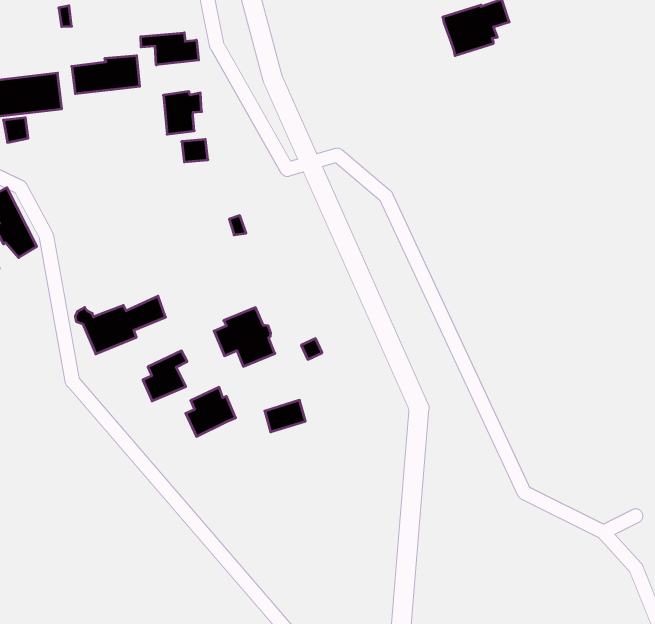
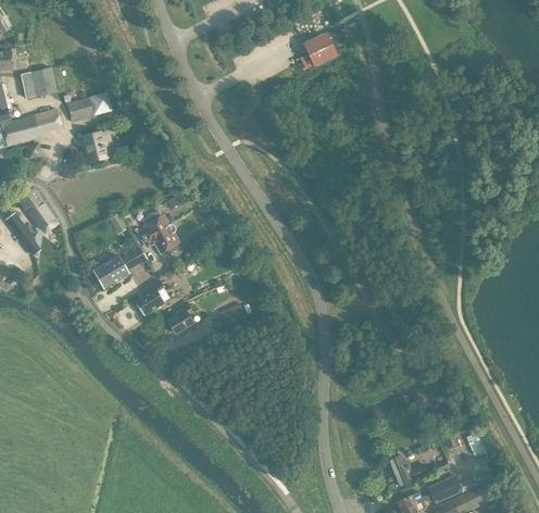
building: none -> [20,67,55,99]
building: [141,33,199,65] -> none
building: [163,92,202,134] -> [83,133,109,162]
building: [214,308,275,366] -> [137,214,178,253]

